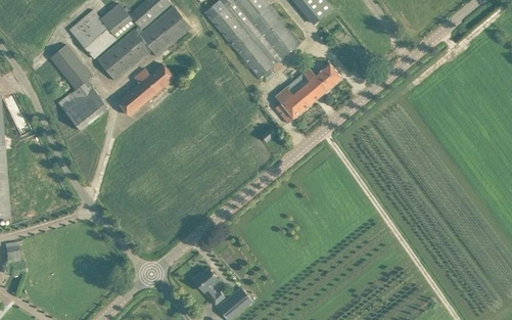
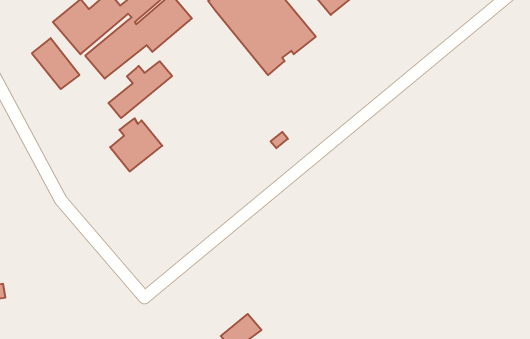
building: [274,62,340,123] -> none
building: [61,83,107,130] -> [110,118,162,171]
building: [192,268,220,305] -> none

